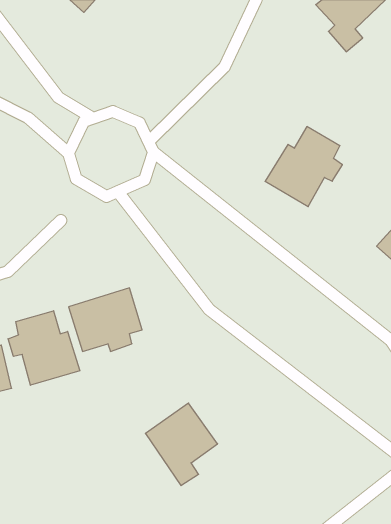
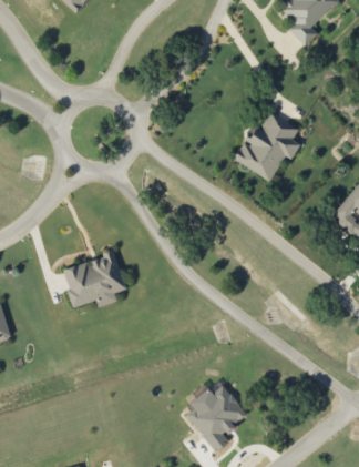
building: [8,311,80,385] -> none
building: [145,403,218,486] -> [184,380,247,453]

